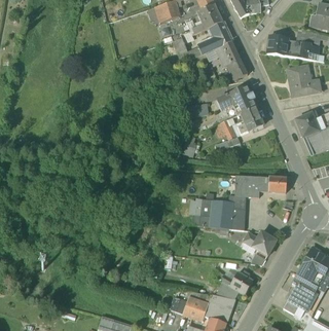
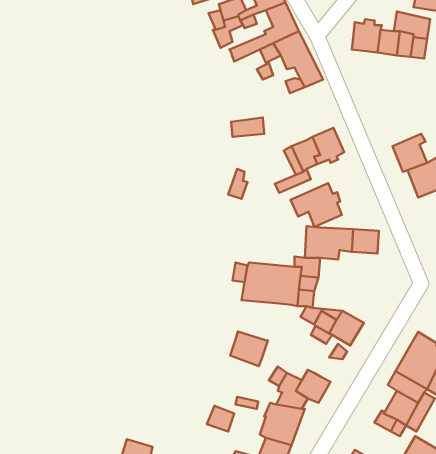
building: [288,66,320,97] -> none
building: [220,85,255,115] -> [290,183,342,227]
building: [183,297,209,321] -> [230,331,268,366]

